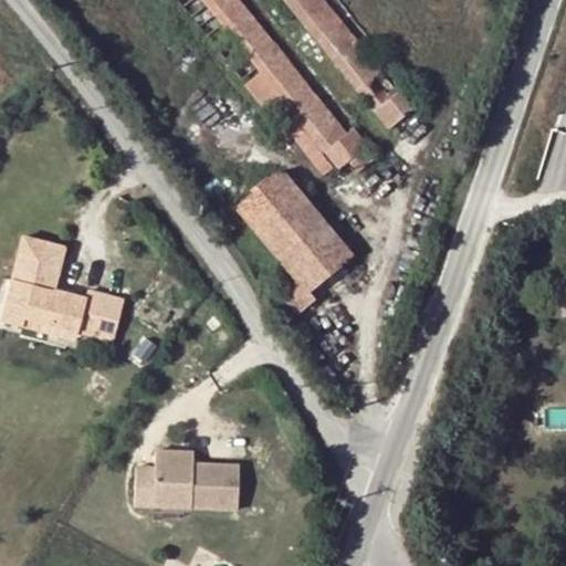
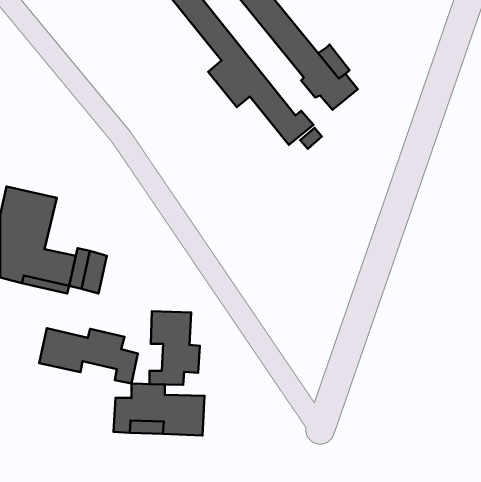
building: [240,171,353,313] -> none
building: none -> [149,311,200,385]
building: none -> [39,328,138,384]

